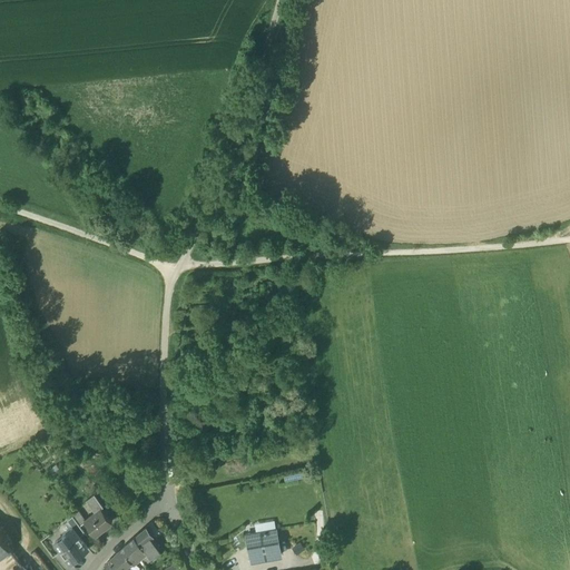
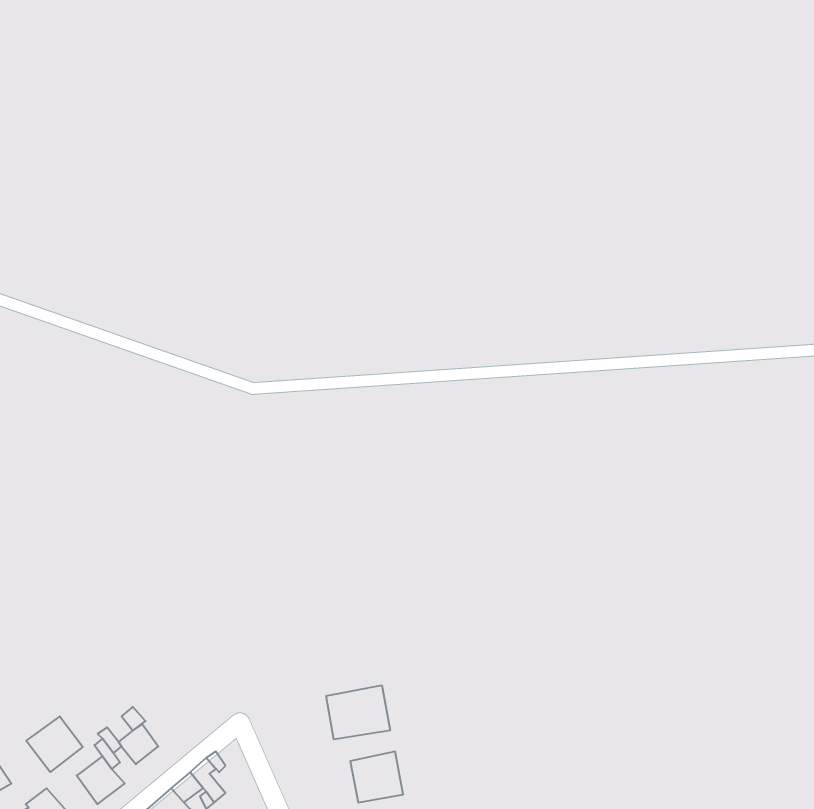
building: none -> [326,685,390,739]
building: none -> [26,716,83,772]

